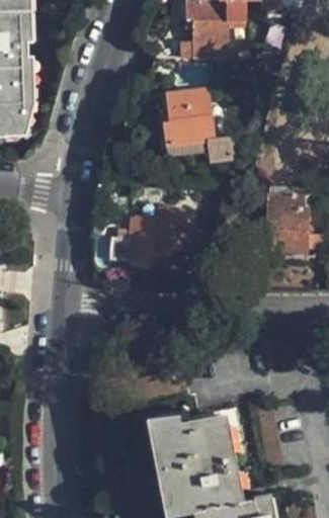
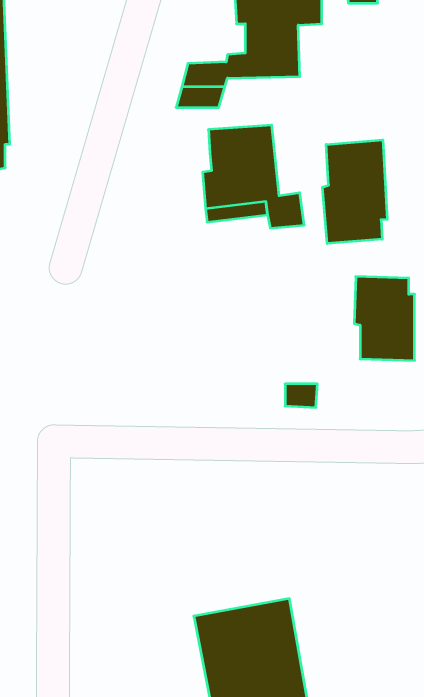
building: none -> [323,140,387,244]
building: [94,218,191,263] -> none

